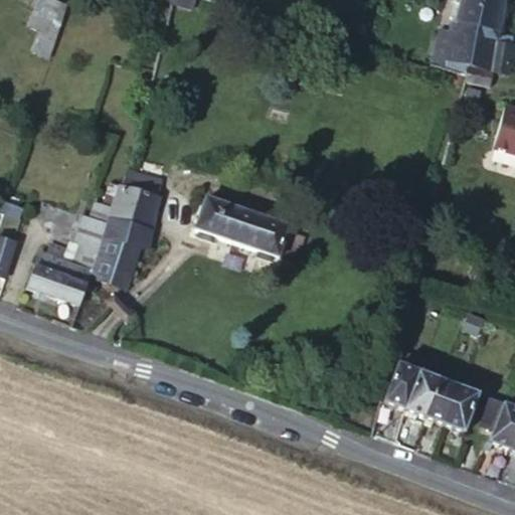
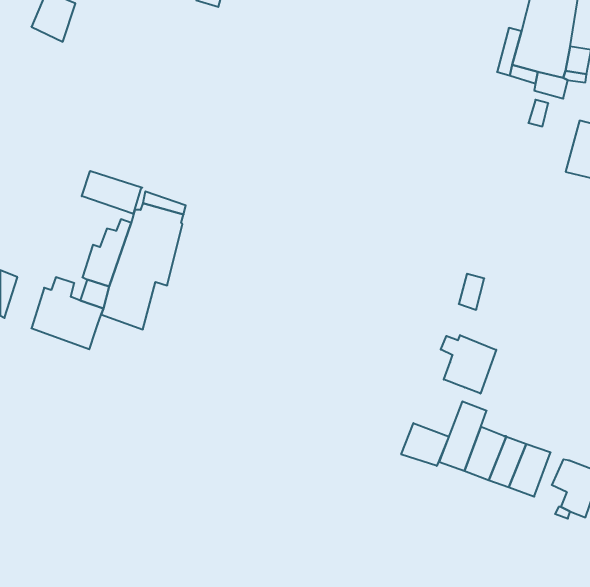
building: none -> [82,171,142,214]
building: [195,195,292,260] -> none
building: none -> [441,335,496,394]
building: none -> [401,423,449,466]

